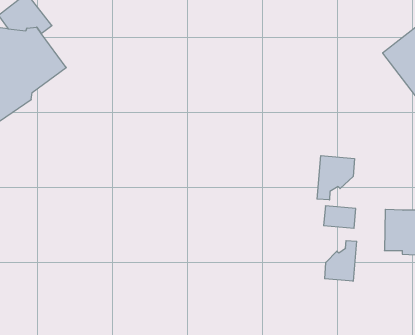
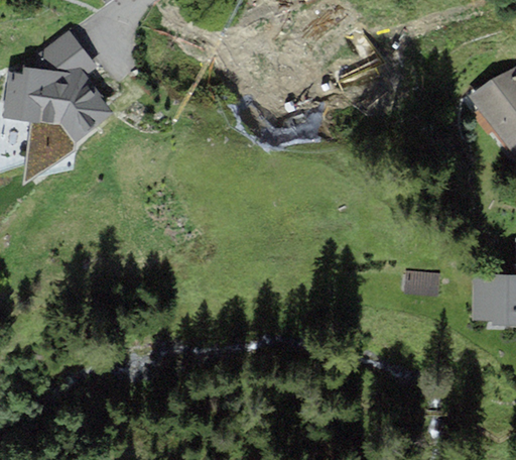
building: [317,156,354,200] -> none
building: [325,241,357,281] -> none

